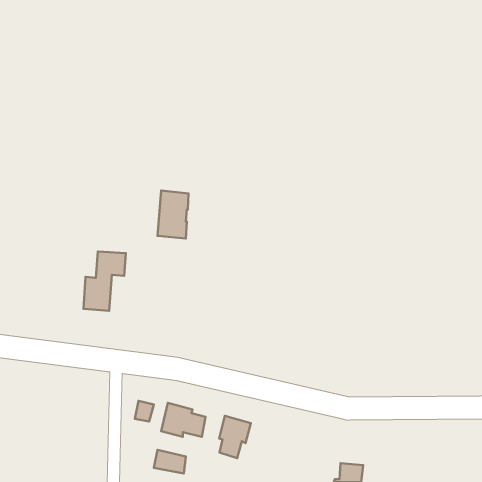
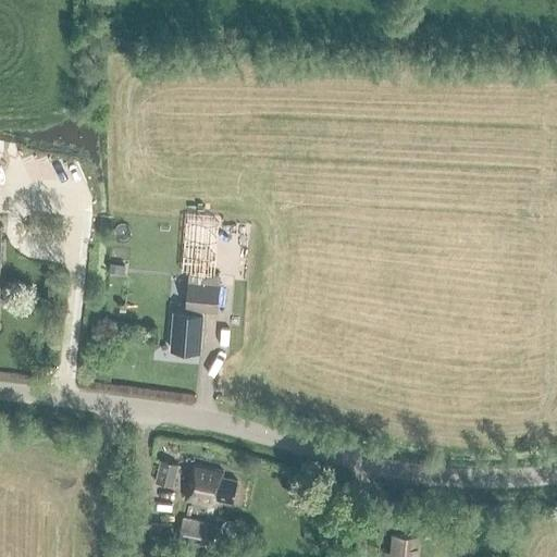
building: [84,251,126,311] -> [171,284,220,352]
building: [219,416,251,458] -> none

